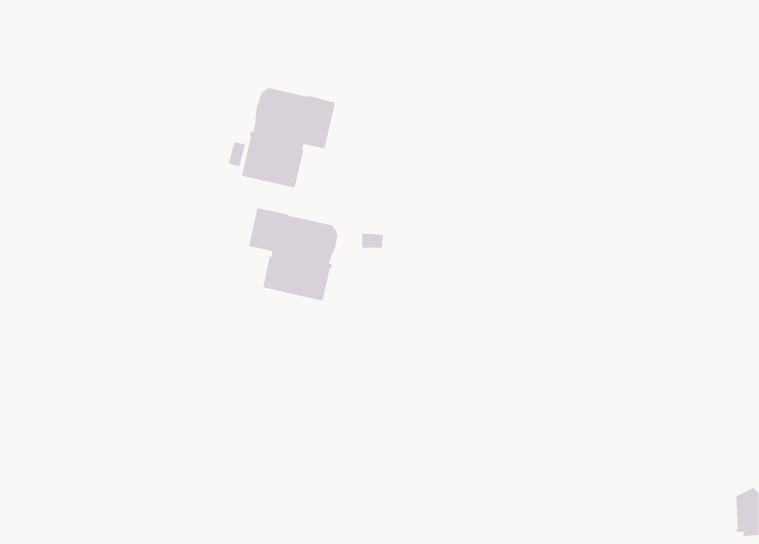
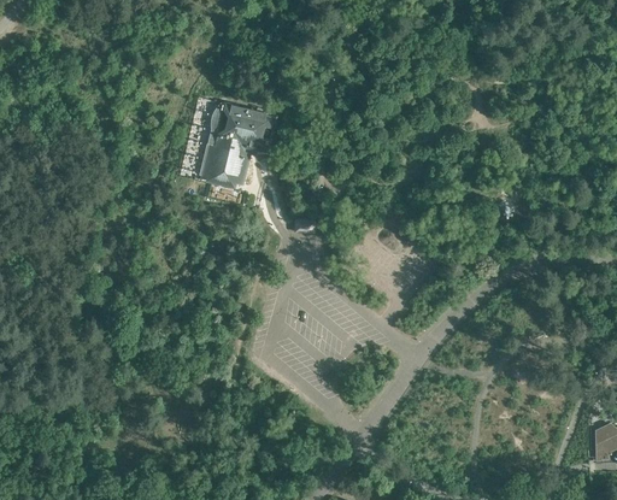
building: [248,208,338,302] -> none

